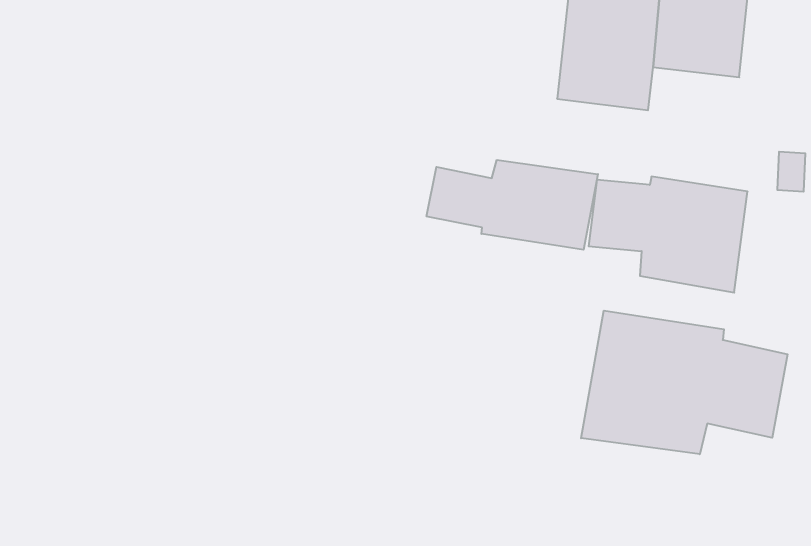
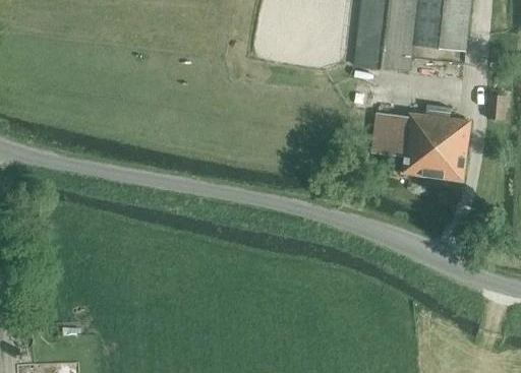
building: [427,160,598,250] -> none
building: [581,311,788,454] -> none

